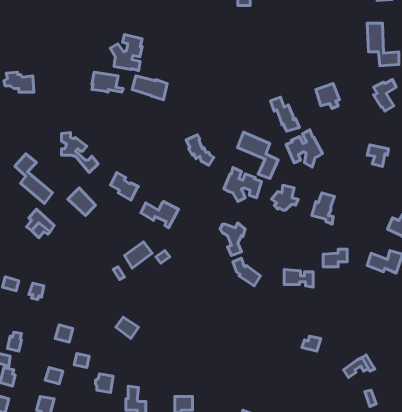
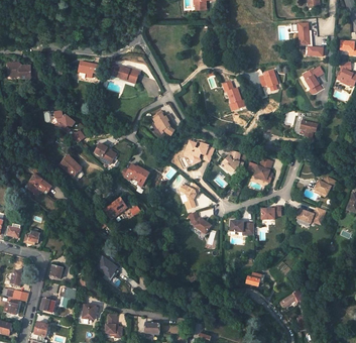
building: [110,34,142,71] -> none
building: [286,130,323,167] -> none
building: [238,132,278,178] -> none
building: [15,154,52,203] -> none

